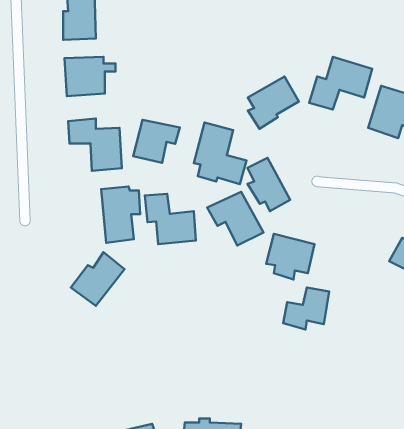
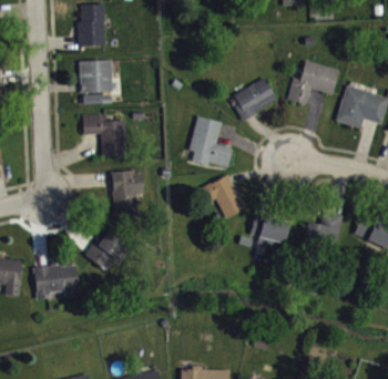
building: [133,120,180,163] -> none
building: [247,158,290,211] -> none
building: [145,194,196,244] -> none
building: [283,288,329,330] -> [304,211,343,246]
building: none -> [33,264,81,299]

